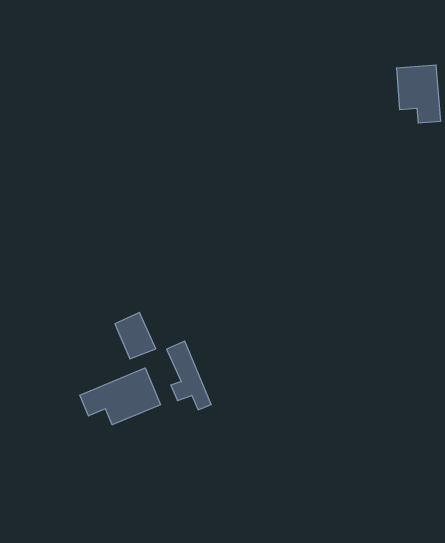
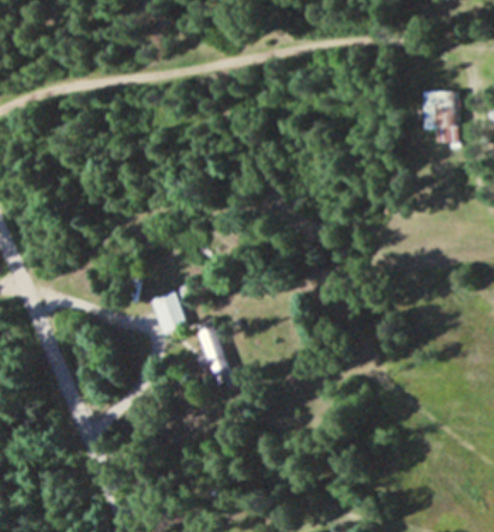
building: [80,368,160,425] -> none

